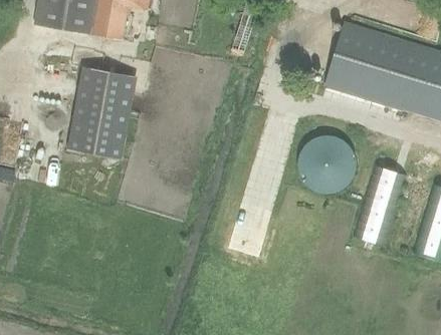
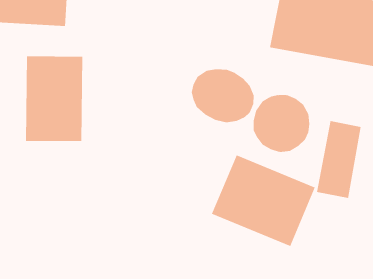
building: none -> [191,69,254,123]
building: none -> [211,154,316,247]

